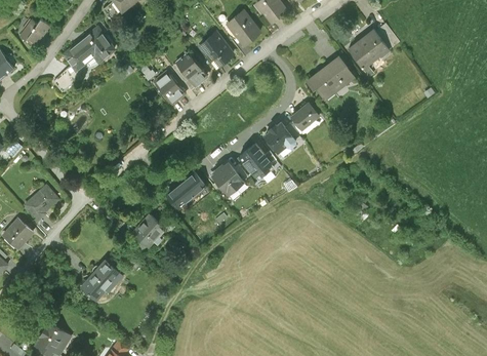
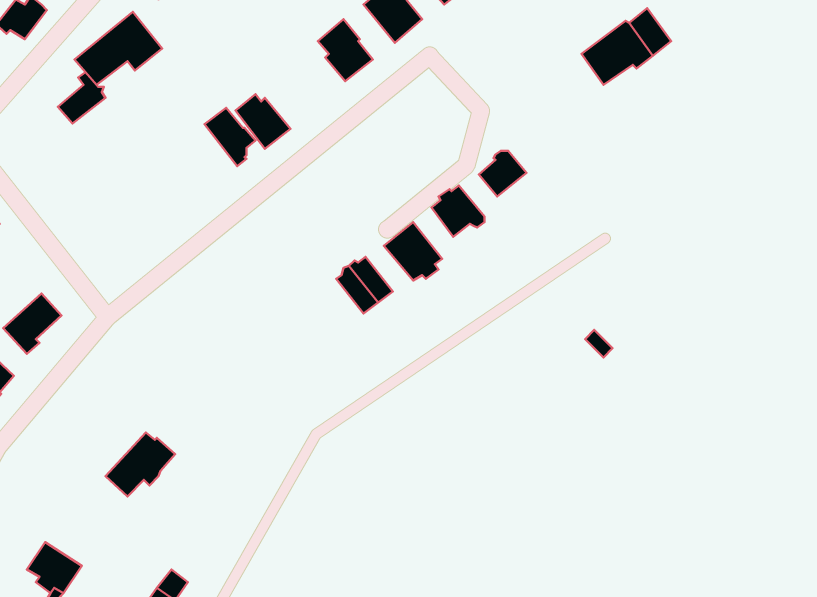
building: [175,51,204,84] -> [204,108,256,166]
building: [307,57,354,100] -> none
building: [166,173,205,209] -> none
building: [131,215,164,245] -> none

